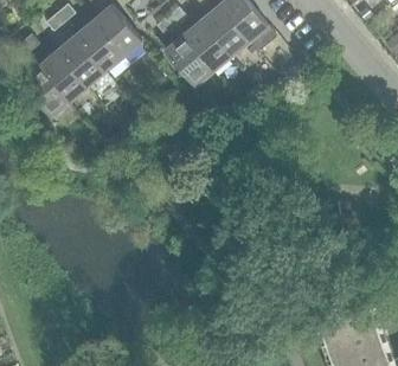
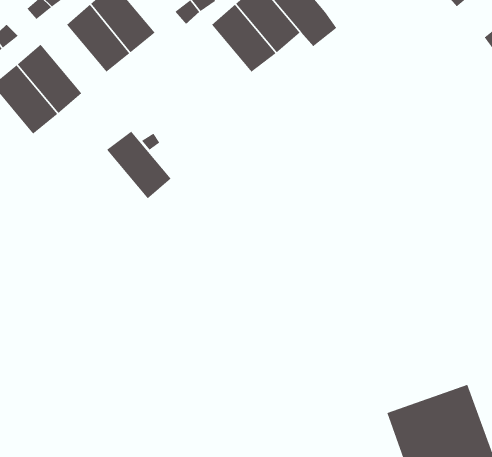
building: [58,34,107,85] -> [106,131,171,199]
building: [166,34,214,85] -> none

